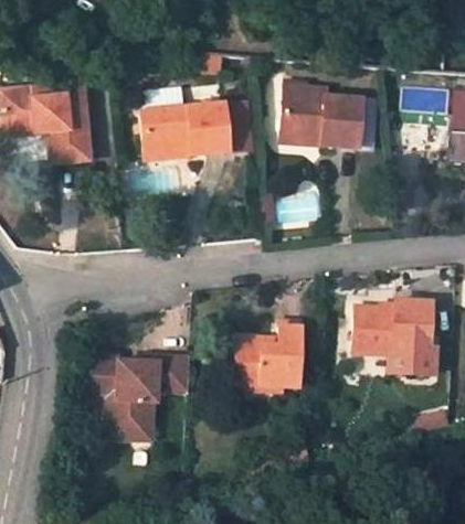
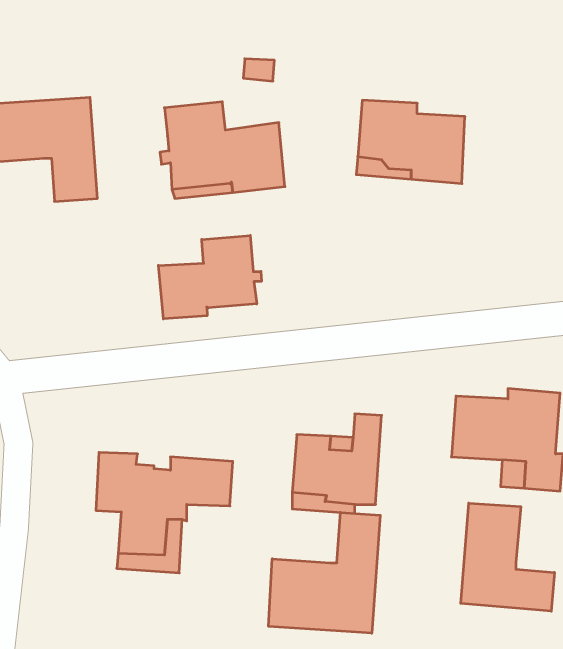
building: none -> [158,235,261,319]
building: none -> [461,503,554,611]
building: none -> [269,512,380,633]

